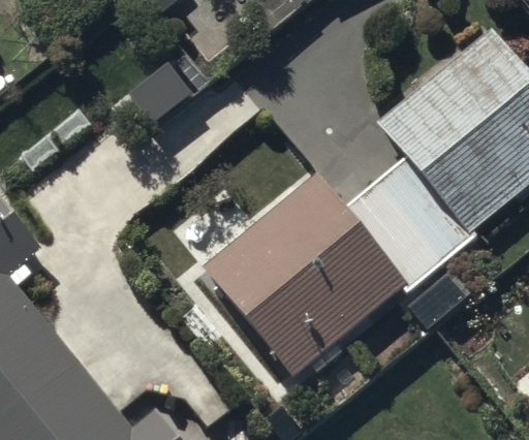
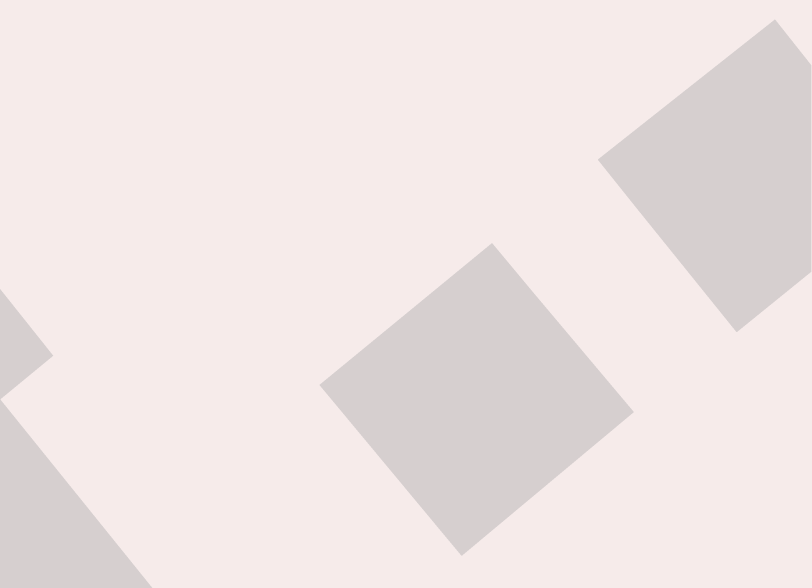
building: [342,152,476,287] -> none

